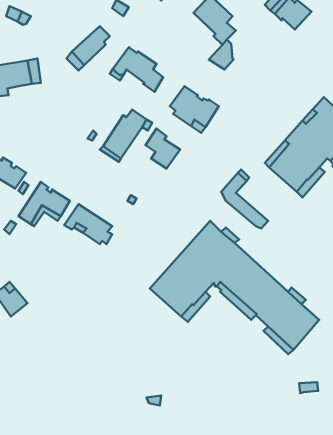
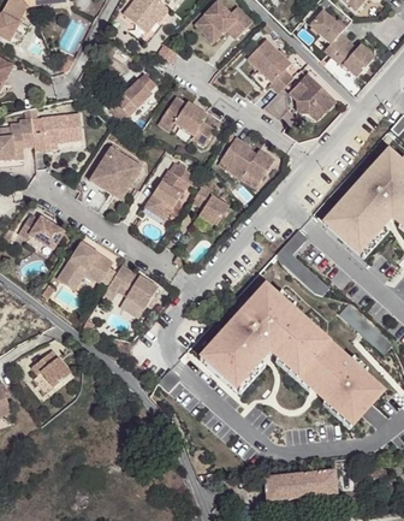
building: none -> [295,75,333,116]
building: none -> [90,144,144,194]
building: none -> [263,467,337,499]

